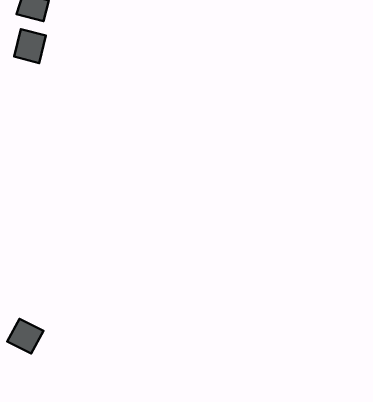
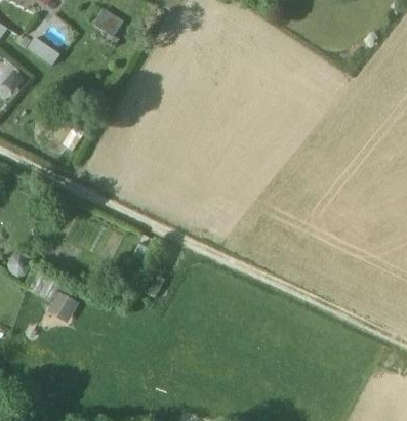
building: [14,29,46,63] -> none

